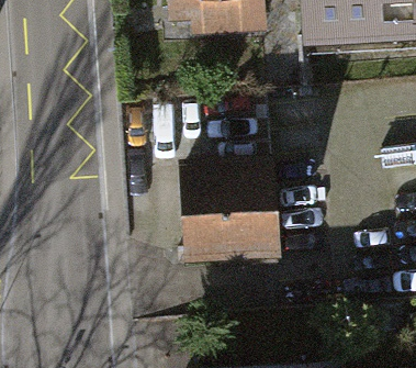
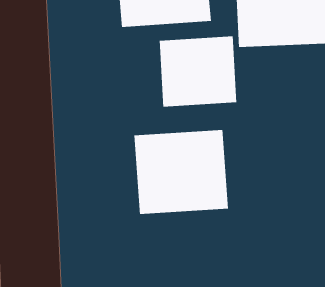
building: none -> [159,36,237,107]

